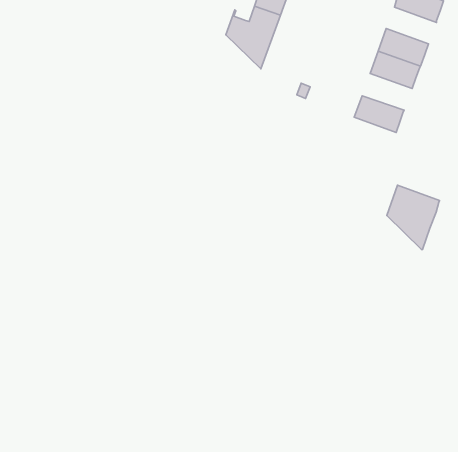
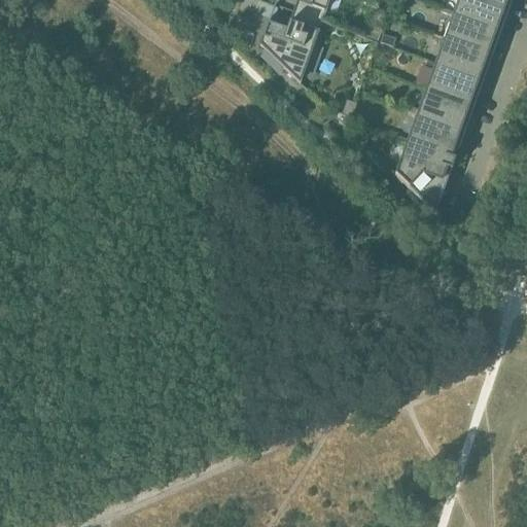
building: none -> [444,8,501,50]
building: none -> [416,84,473,127]
building: [387,185,440,250] -> [394,135,455,209]

